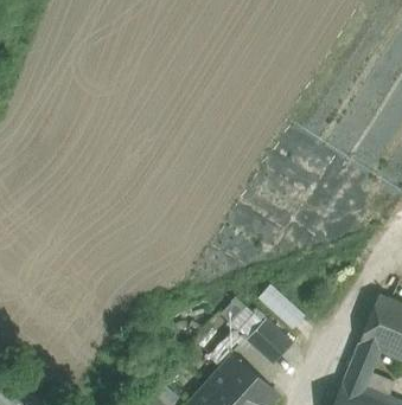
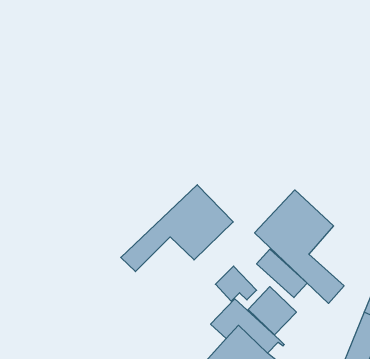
building: none -> [121,185,233,272]
building: none -> [255,190,344,303]

